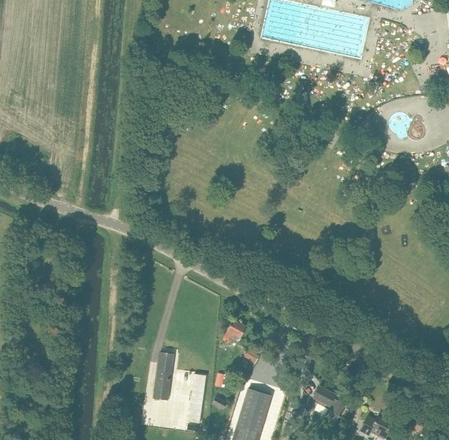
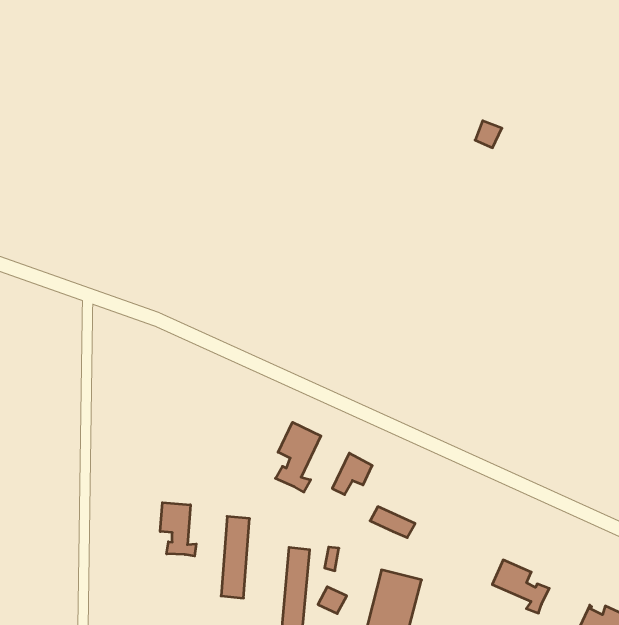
building: none -> [275,422,321,492]
building: none -> [160,503,196,556]

